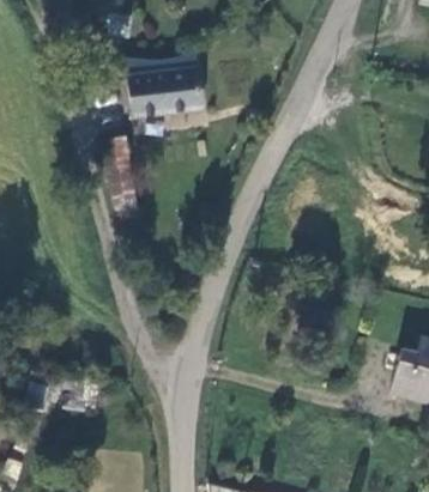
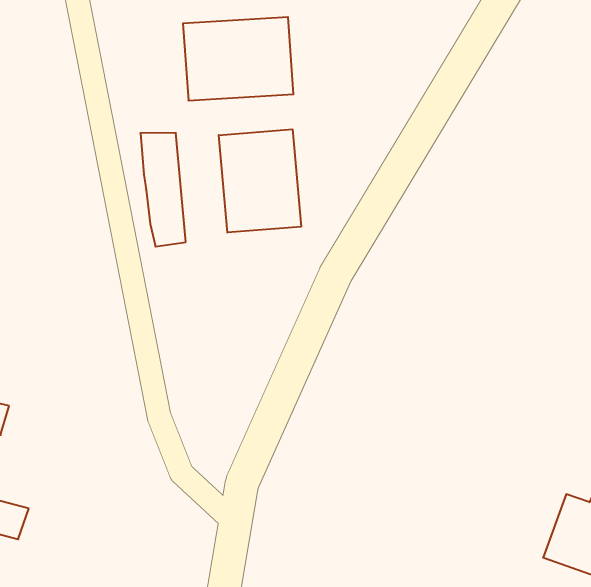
building: none -> [219,129,301,233]

